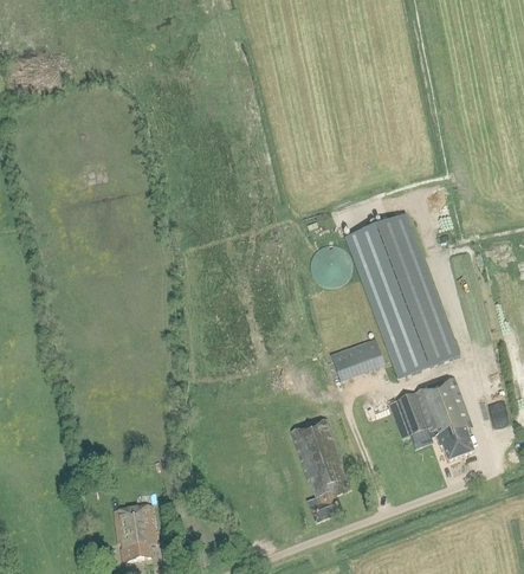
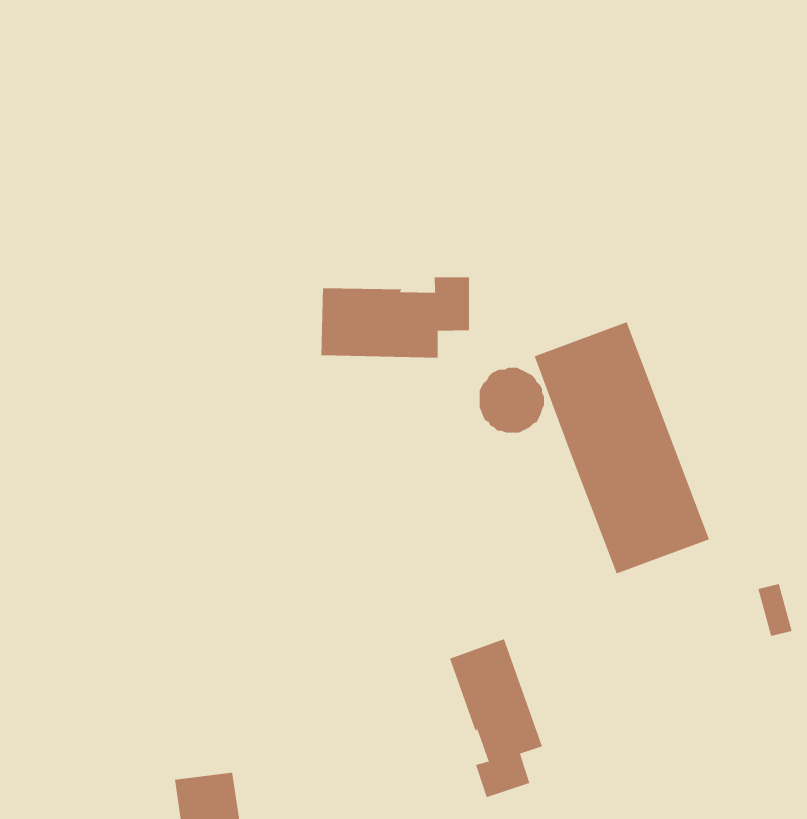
building: none -> [321,277,470,358]
building: [331,338,384,382] -> none
building: [389,378,474,460] -> none

